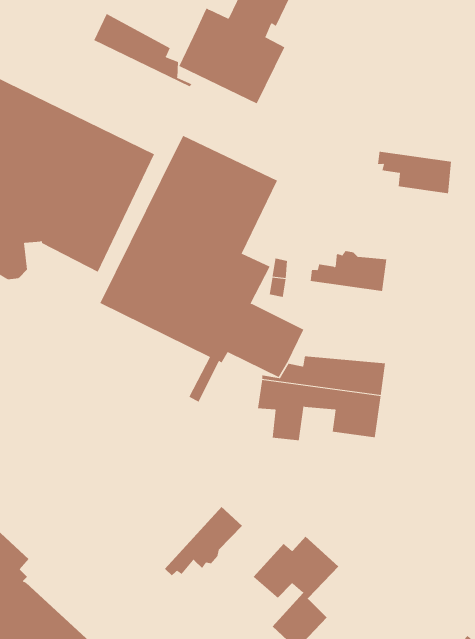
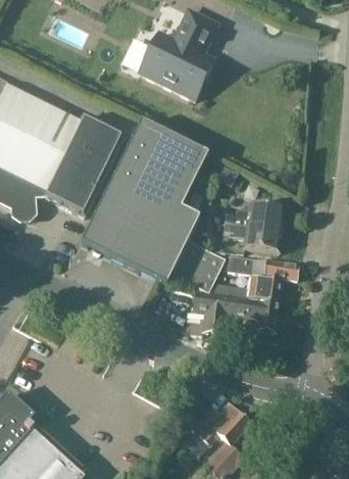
building: [93,13,192,87] -> none
building: [377,151,452,194] -> [229,223,281,252]
building: none -> [226,255,300,280]
building: [164,506,243,576] -> none

